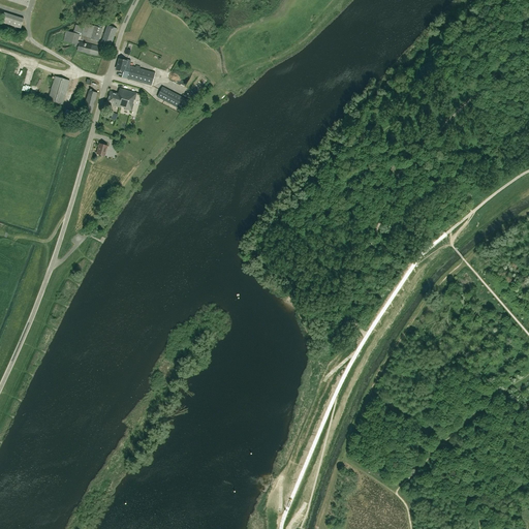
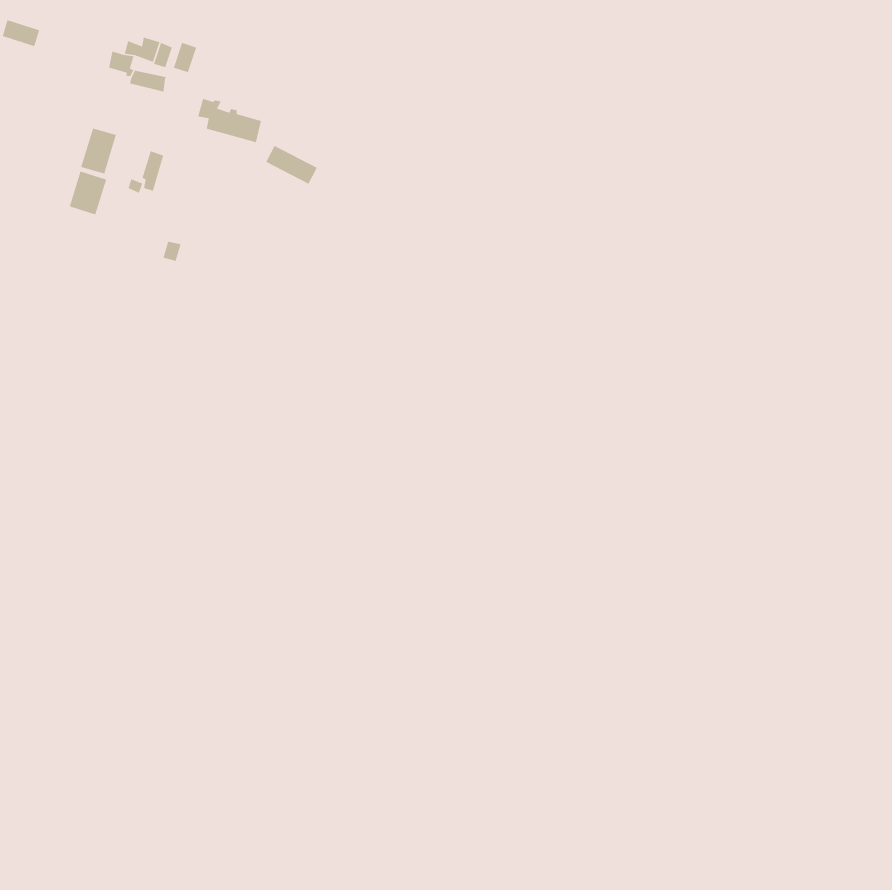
building: [107,87,137,110] -> none
building: none -> [69,170,107,216]

